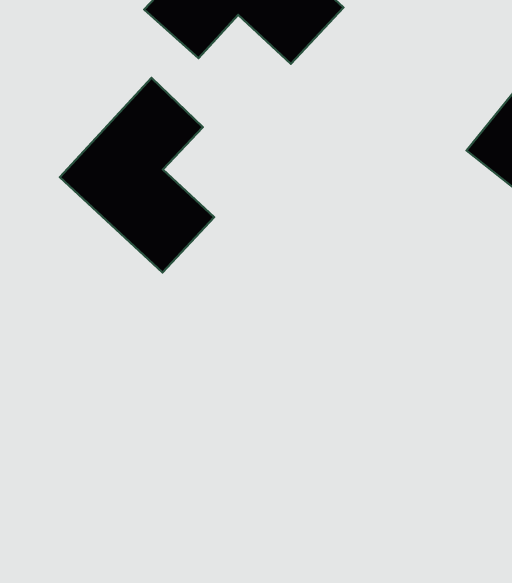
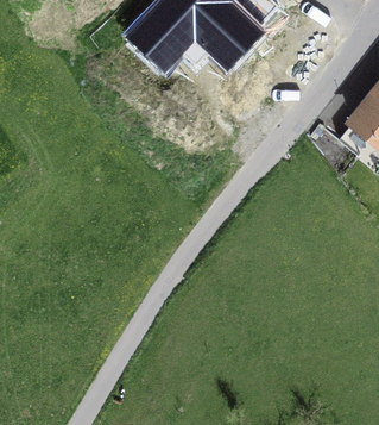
building: [60,78,214,273] -> none

